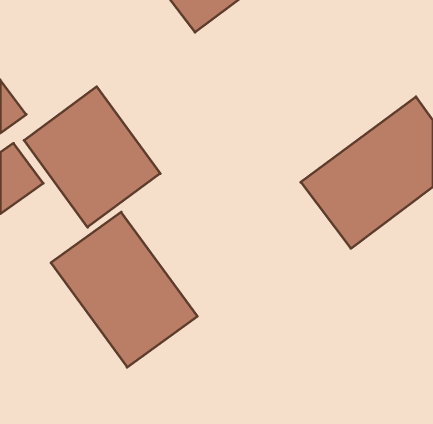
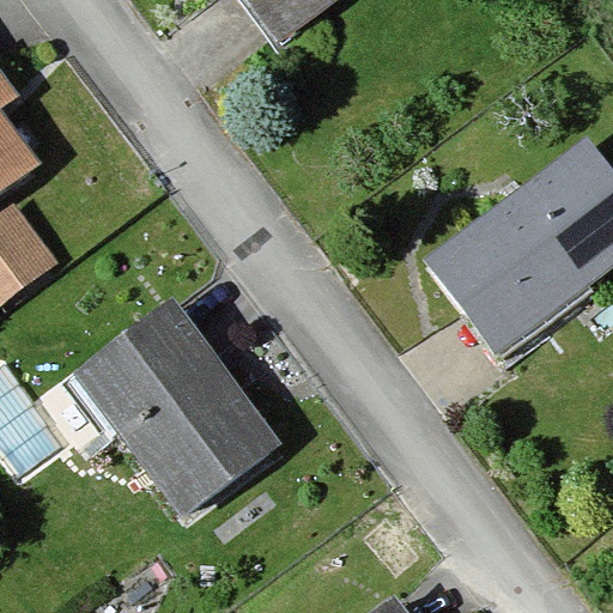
building: [24,87,160,227] -> none

